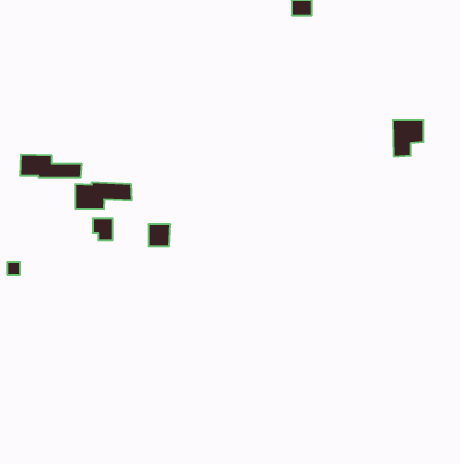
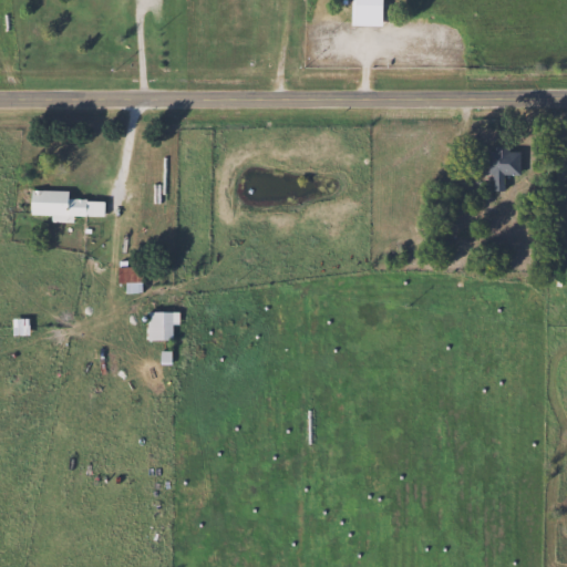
building: [75,182,131,209] -> none
building: [148,224,170,246] -> [148,313,175,340]

